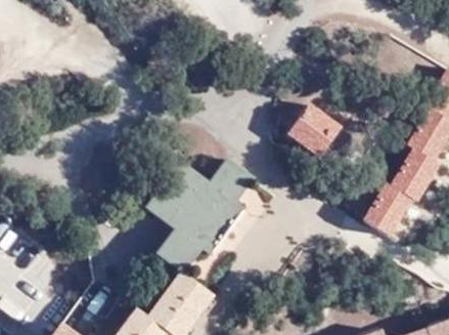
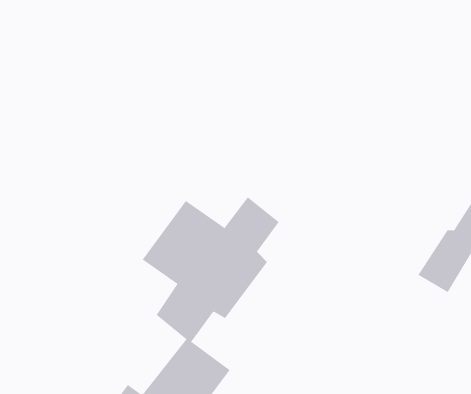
building: [289,103,343,155] -> none

